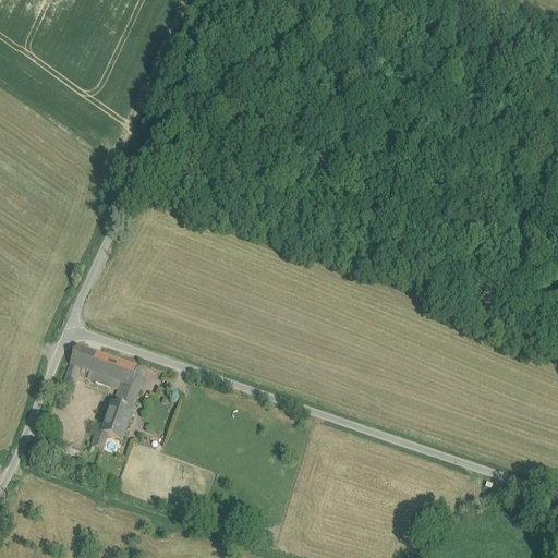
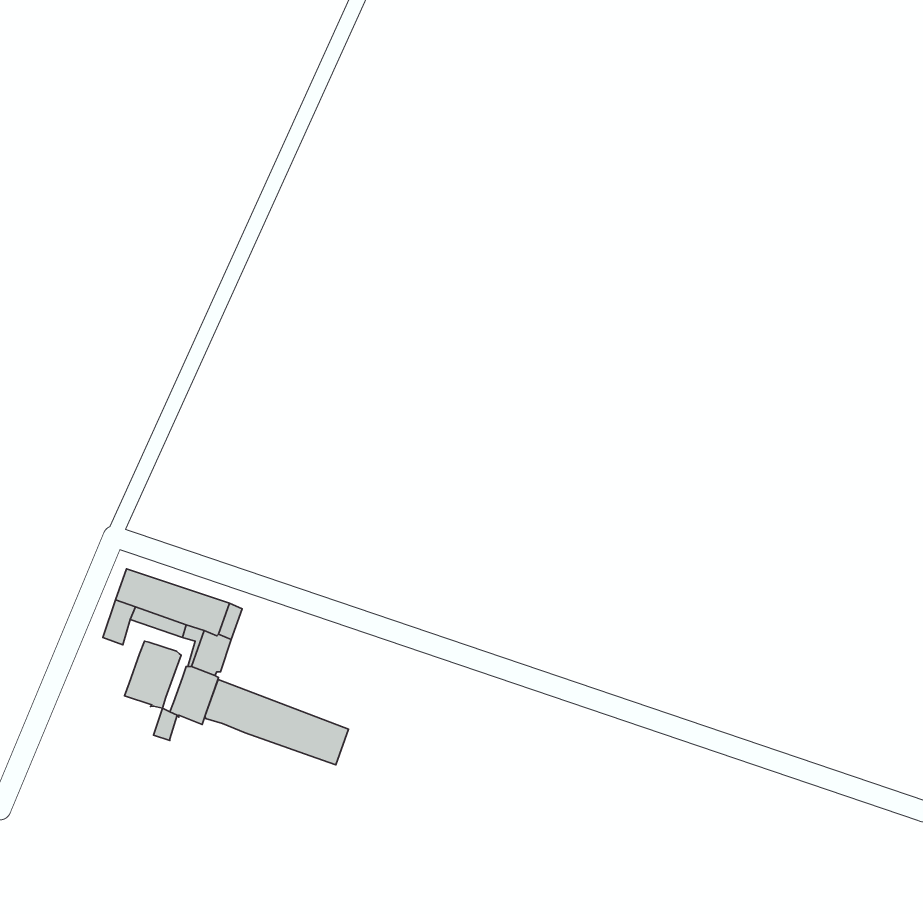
building: none -> [124,641,181,708]
building: none -> [205,680,349,765]

